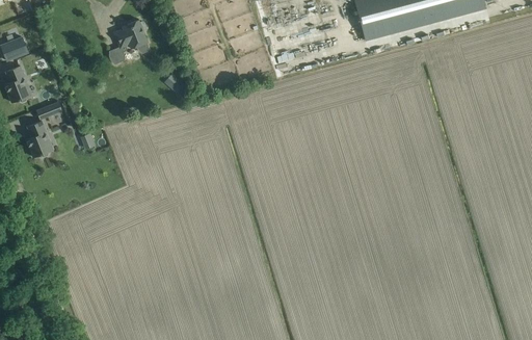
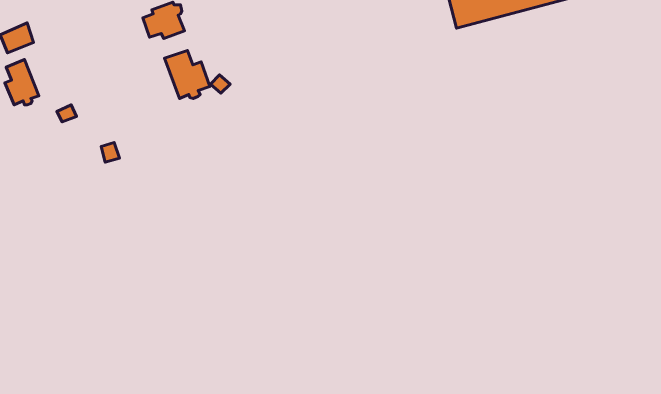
building: none -> [165,50,210,99]
building: [26,121,53,157] -> none

